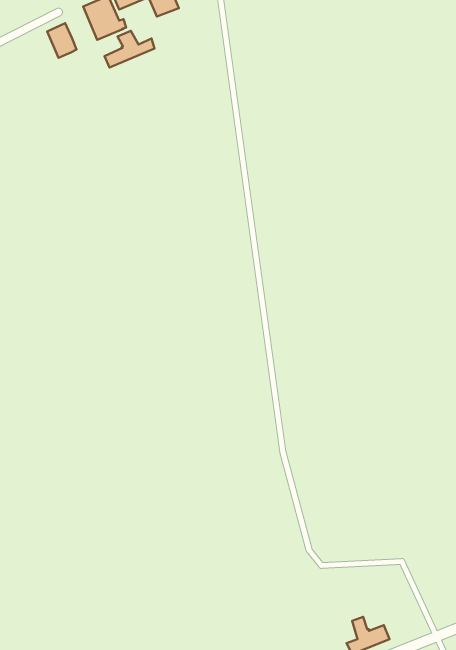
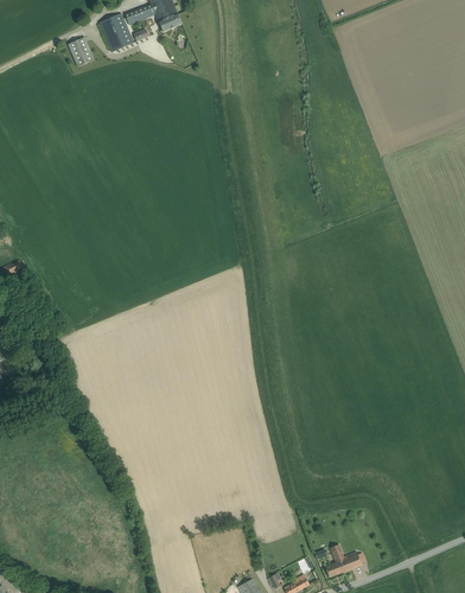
building: [105,31,155,67] -> none

